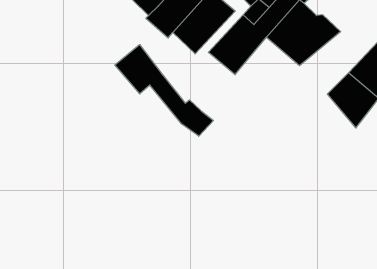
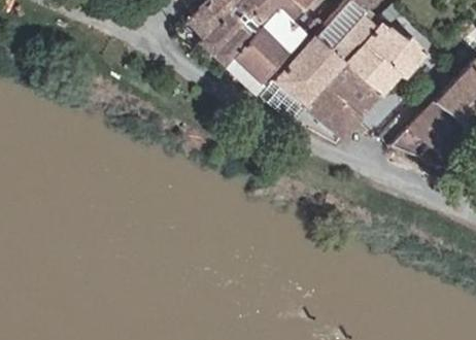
building: none -> [305,62,379,135]
building: [115,45,213,136] -> none

